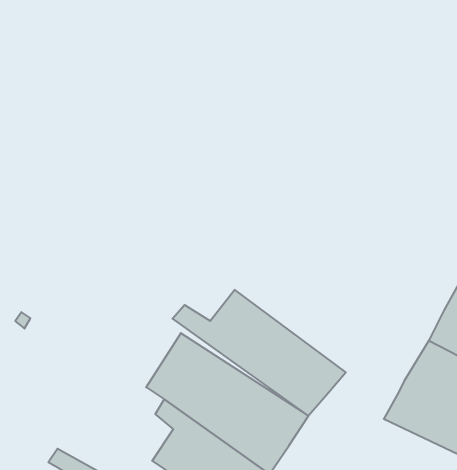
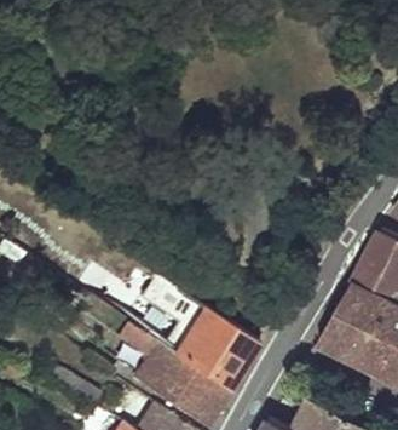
building: [172,290,346,416] -> none

